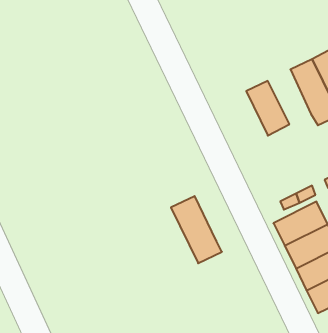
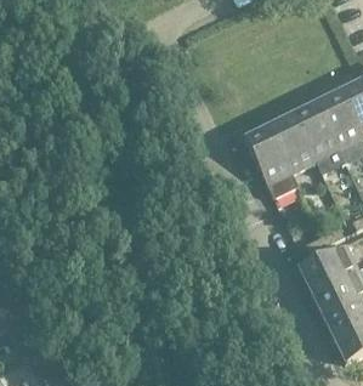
building: none -> [291,101,338,159]
building: [171,196,222,263] -> [243,124,297,195]

